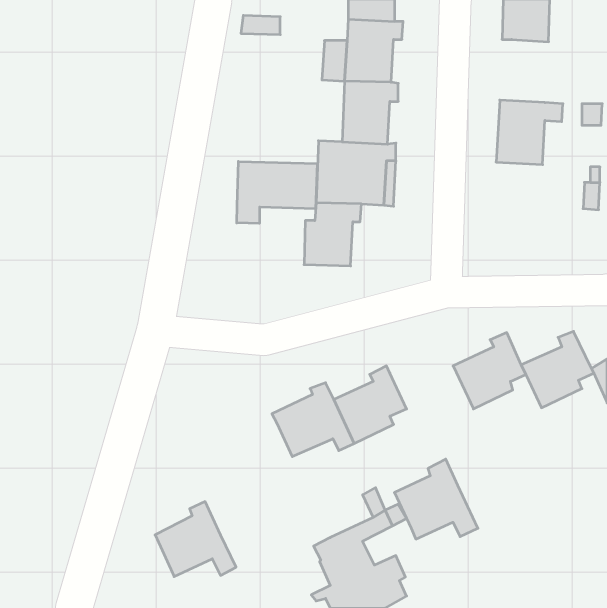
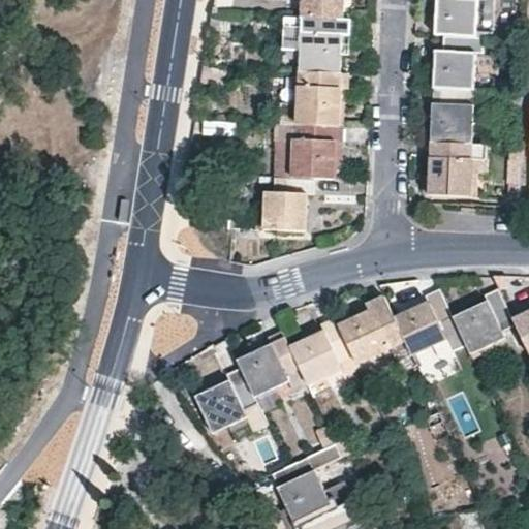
building: none -> [433,34,481,89]
building: [237,161,317,223] -> none
building: none -> [429,141,476,195]
building: [394,459,478,539] -> [338,294,410,364]
building: [155,502,236,577] -> [196,367,267,432]

